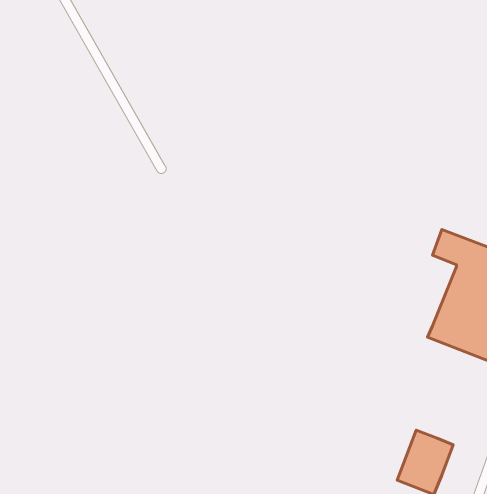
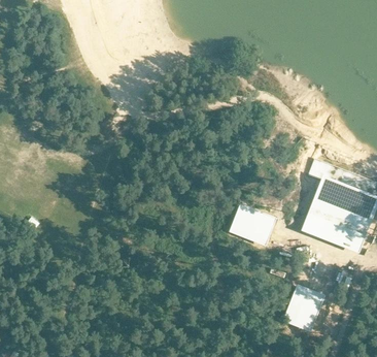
building: none -> [232,208,273,245]

